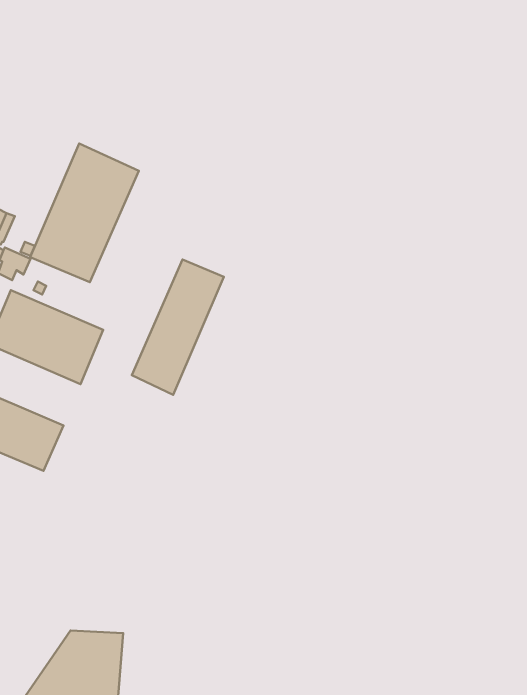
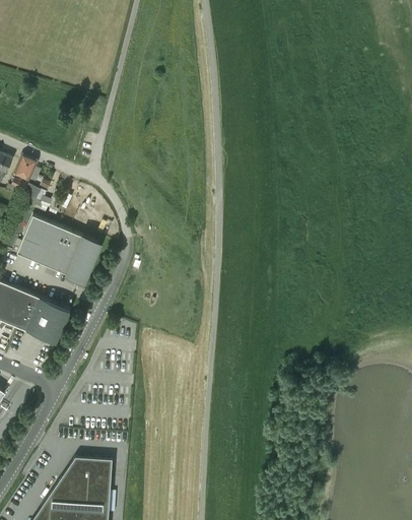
building: [30,143,139,282] -> none
building: [132,260,224,395] -> none

